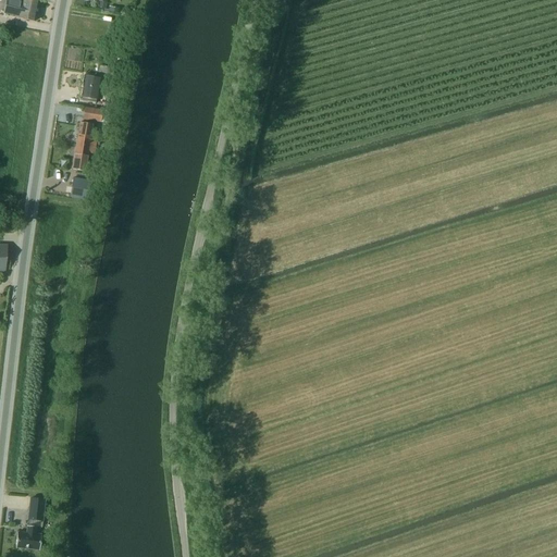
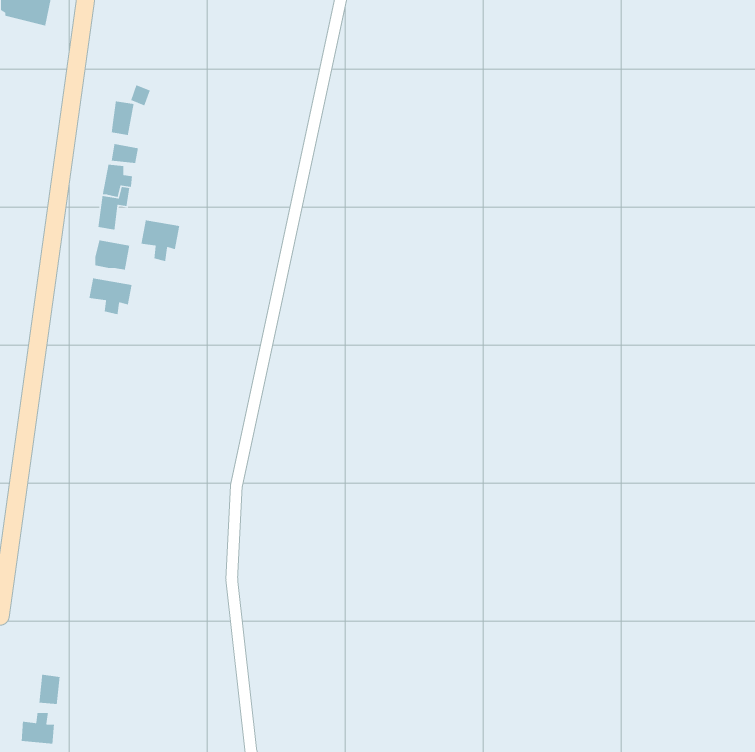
building: none -> [141,220,180,262]
building: none -> [89,277,133,315]

